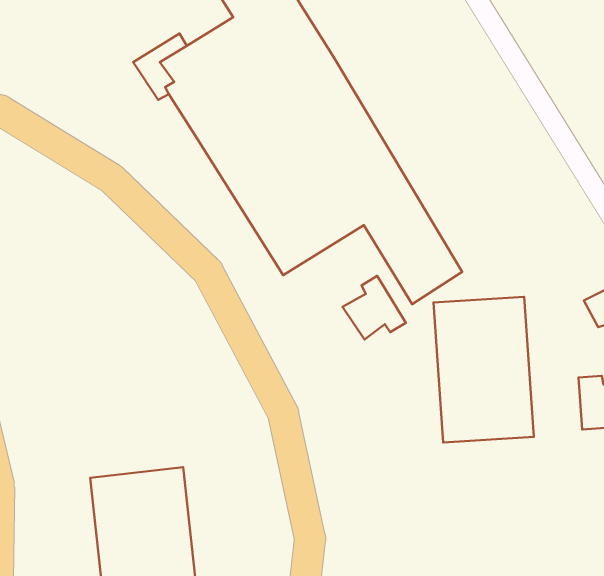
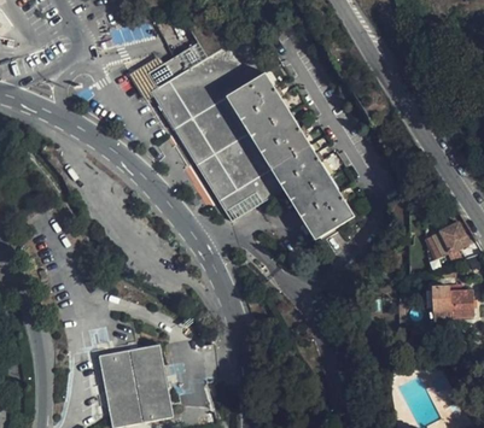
building: [342,276,406,339] -> none
building: [434,297,534,443] -> none

